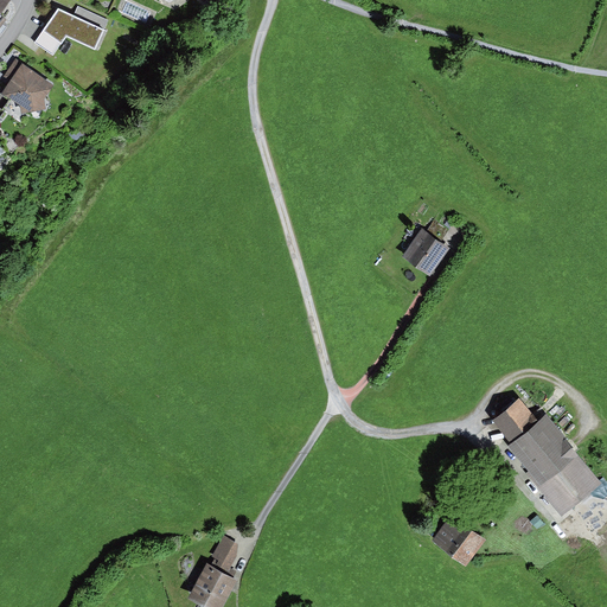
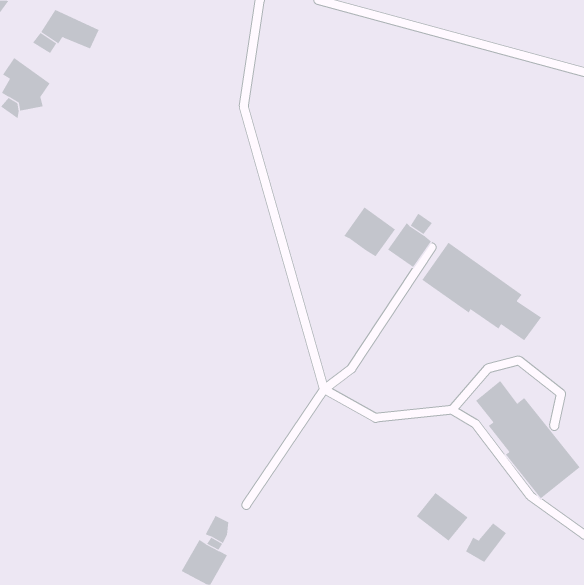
building: none -> [344,206,396,257]
building: none -> [421,242,542,341]
building: none -> [465,522,507,563]

